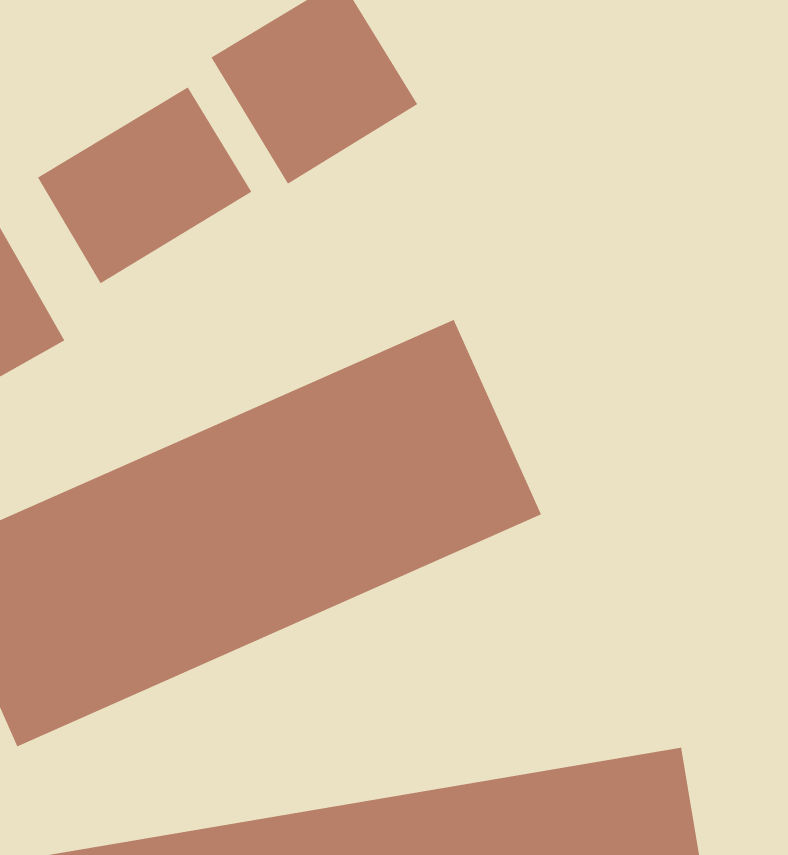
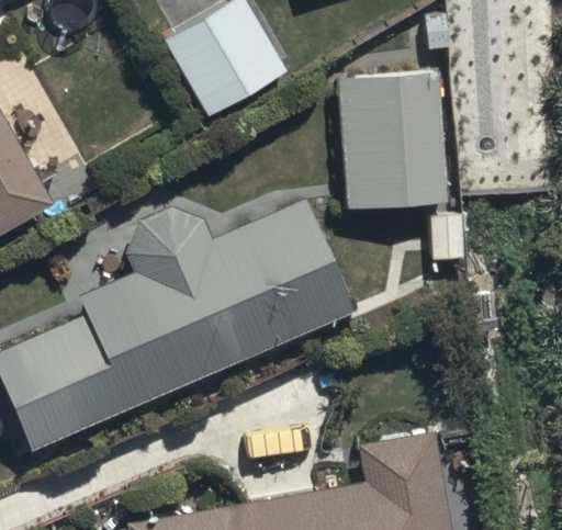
building: [37,87,252,284] -> none
building: none -> [330,66,440,205]

